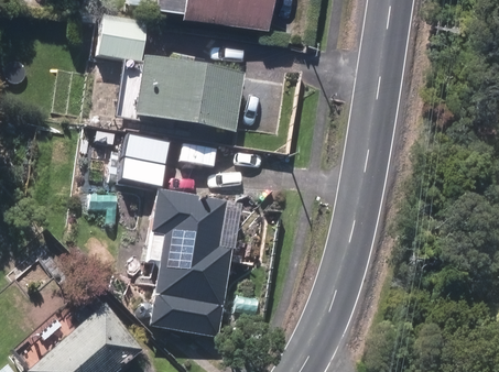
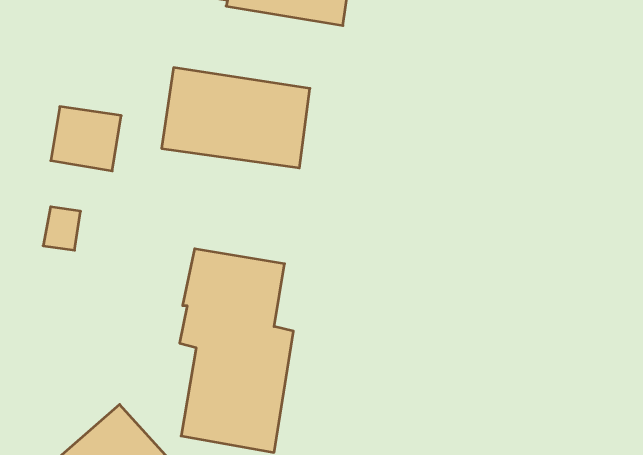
building: [96,15,148,63] -> [51,107,121,171]
building: [117,142,163,187] -> none

